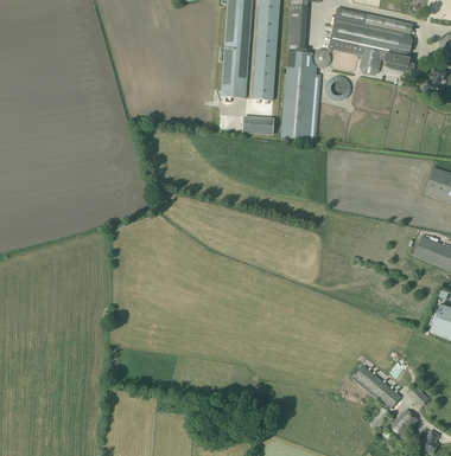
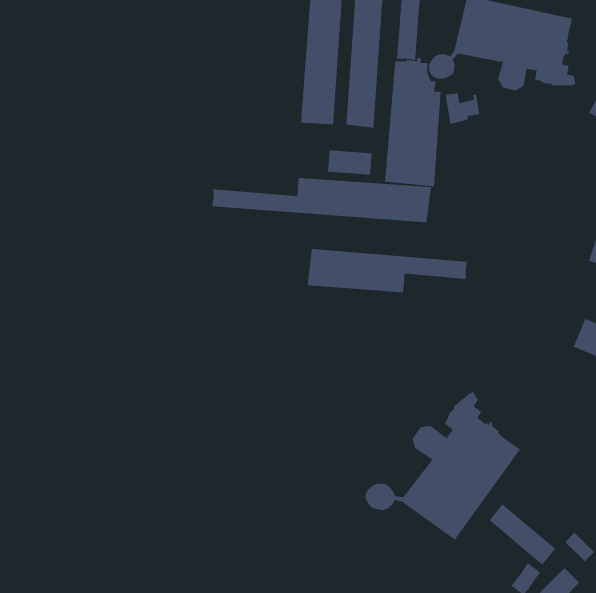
building: none -> [211,177,431,223]
building: none -> [307,248,468,293]
building: none -> [365,392,521,540]

